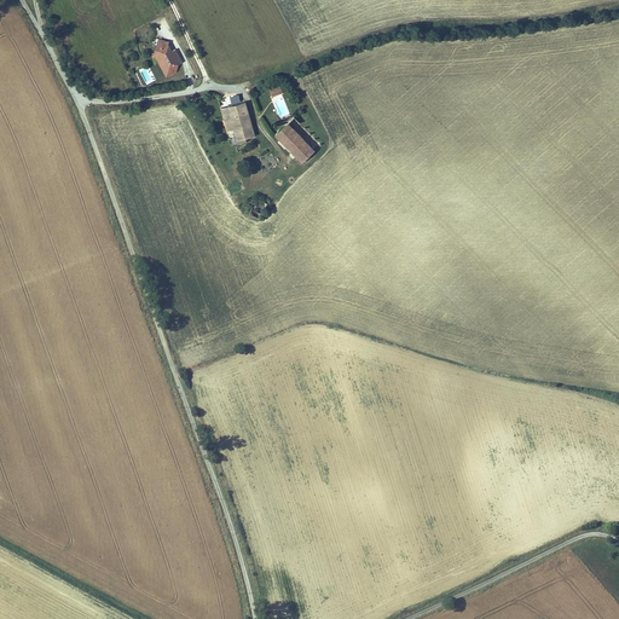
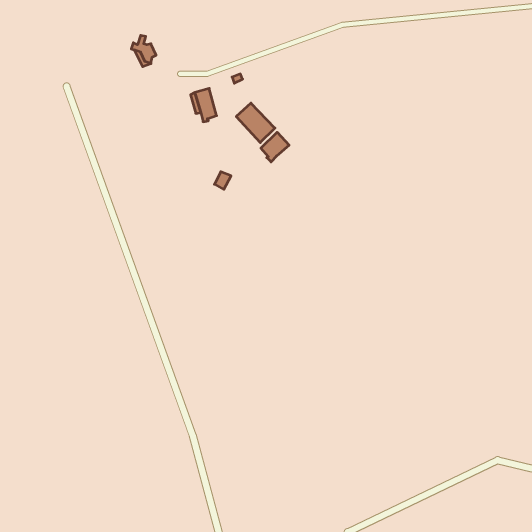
building: none -> [261,132,289,162]

